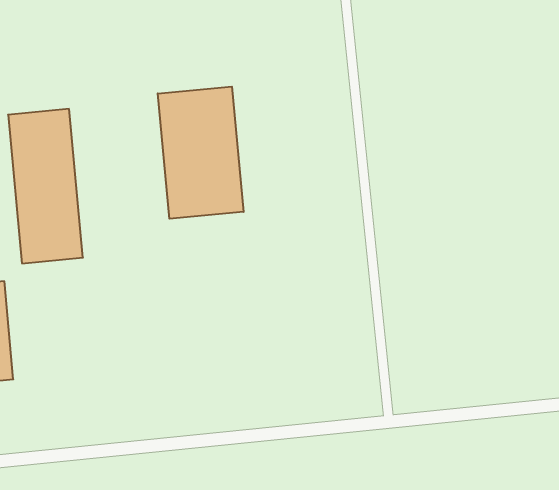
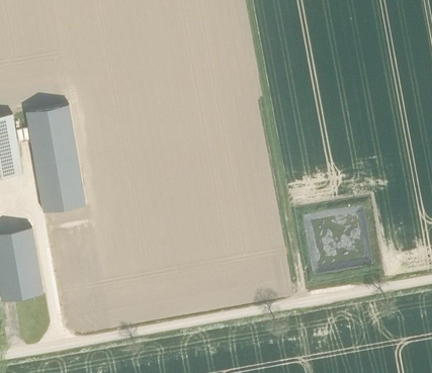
building: [158,87,244,219] -> none

